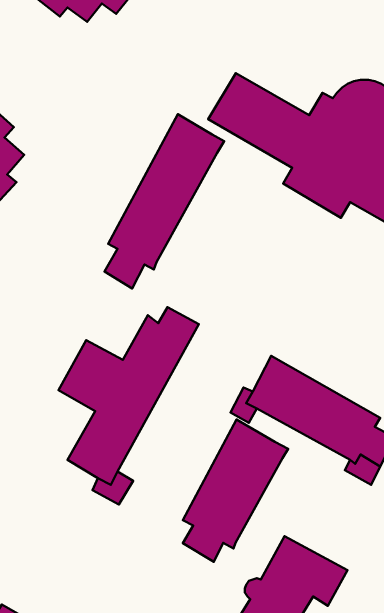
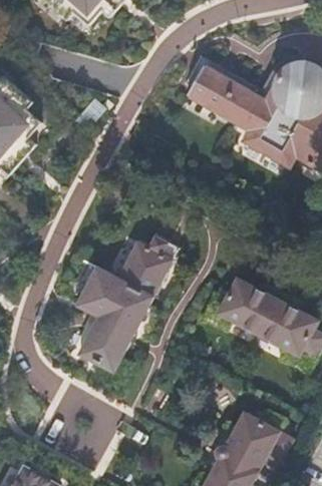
building: [105,114,224,289] -> none
building: [183,419,288,562] -> none

